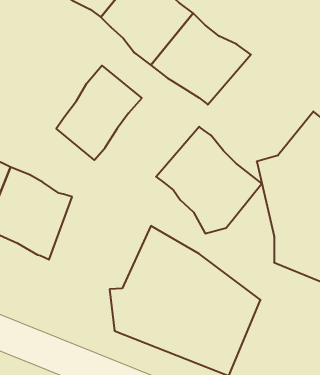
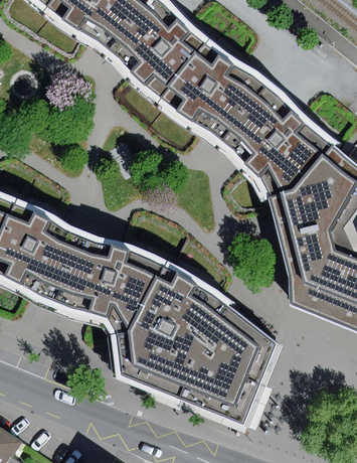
building: [56,66,142,160] -> none
building: [156,127,262,233] -> [220,85,331,196]
building: none -> [54,234,161,330]

